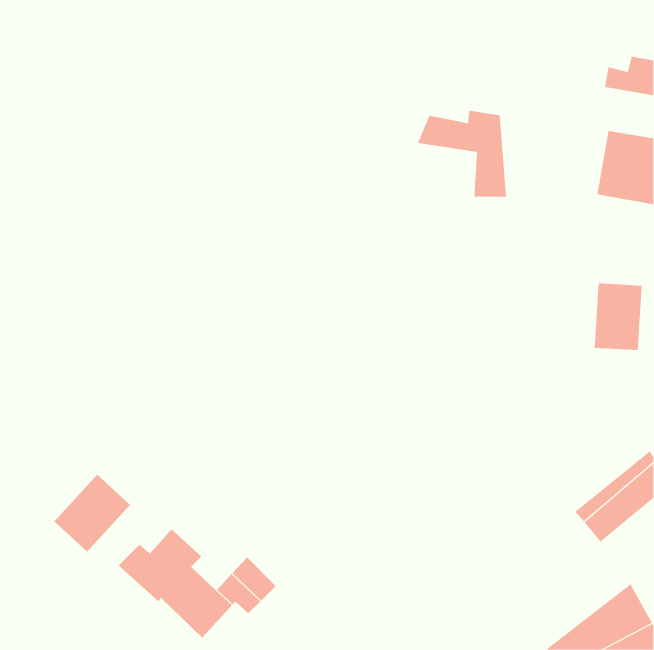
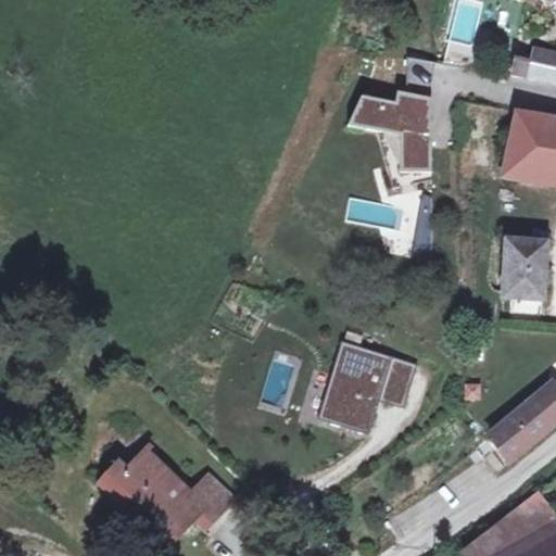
building: none -> [324,345,412,426]
building: [54,474,131,552] -> none

